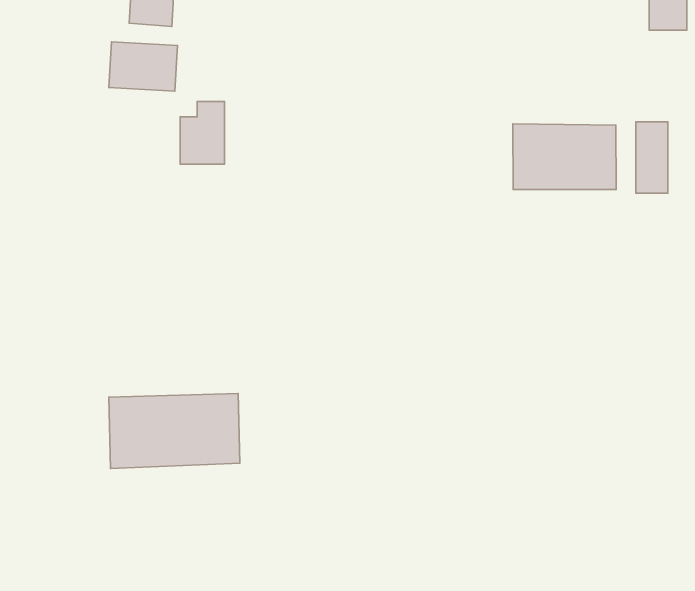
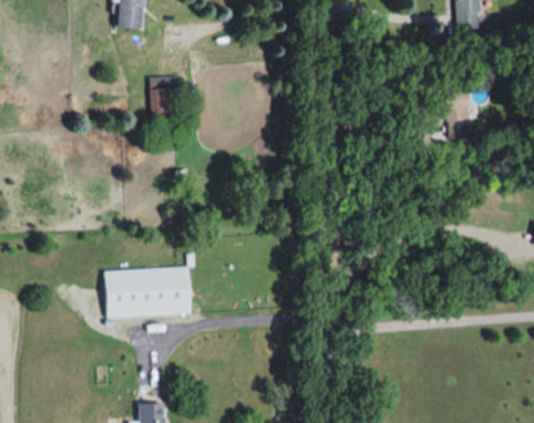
building: [109,42,177,91] -> none
building: [513,124,616,189] -> none

